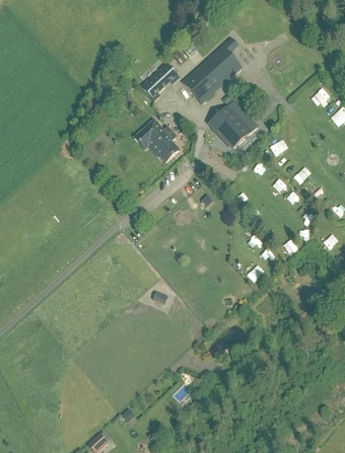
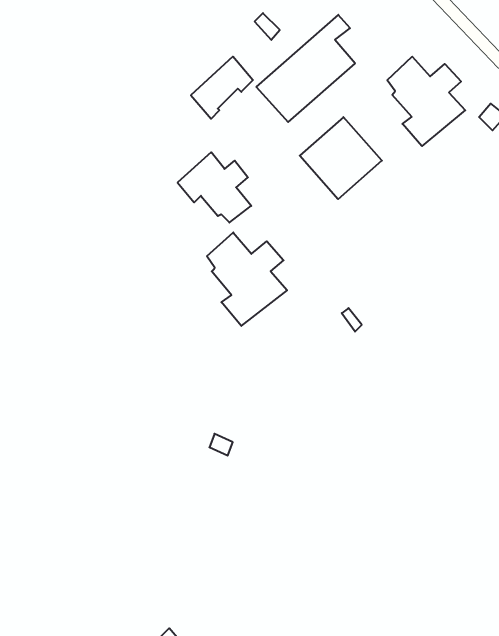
building: none -> [387,57,465,146]
building: none -> [207,232,287,326]

